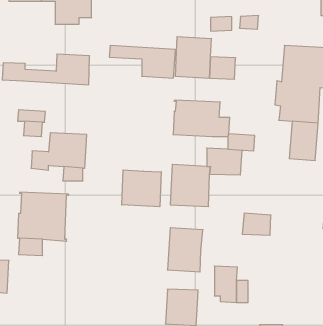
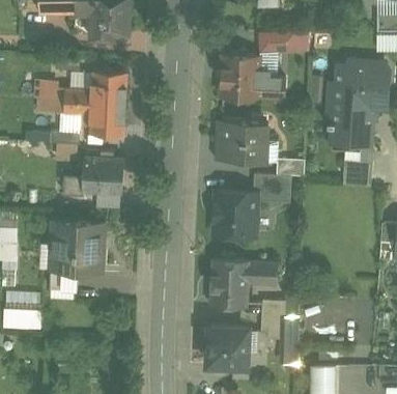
building: [109,46,175,78] -> [54,101,125,136]
building: [122,170,161,207] -> none
building: [242,213,271,235] -> [247,261,278,285]

